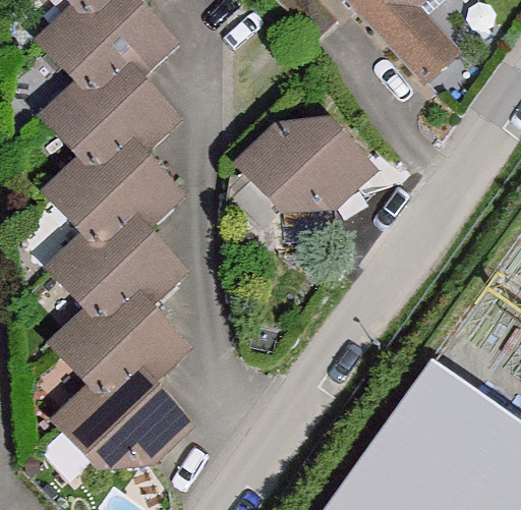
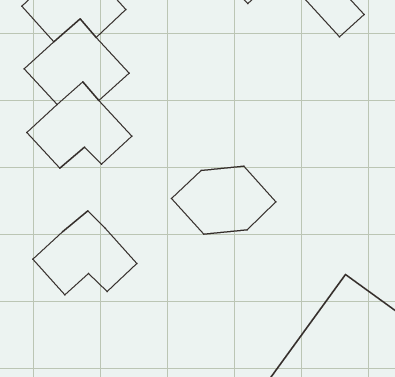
building: [242,127,367,209] -> [172,166,276,234]
building: [52,210,178,311] -> none
building: [58,361,184,463] -> none

